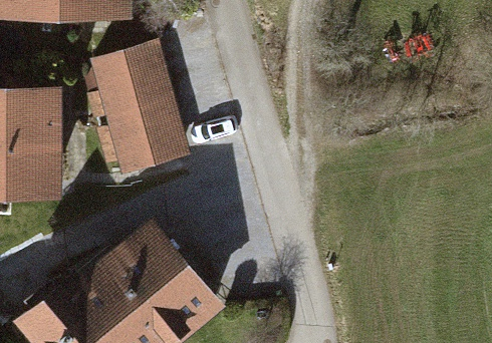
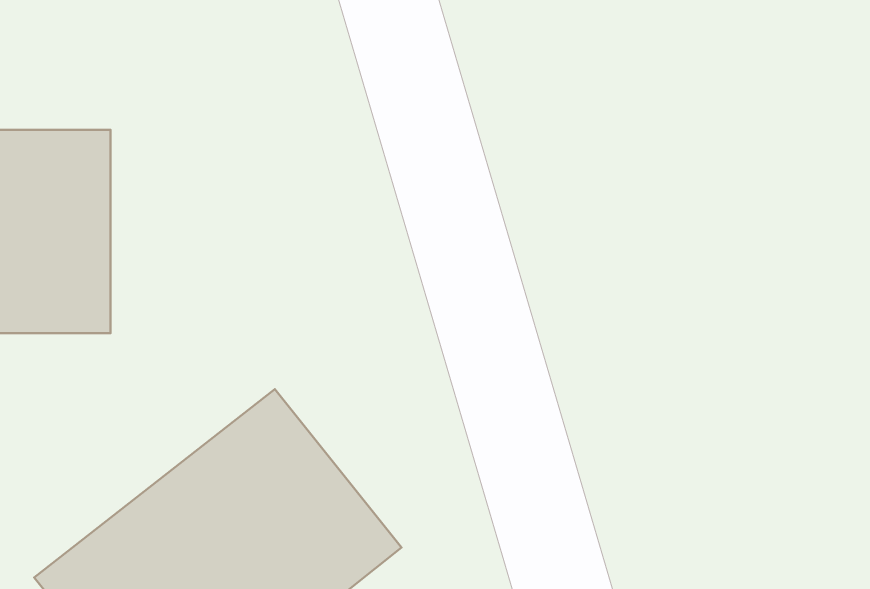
building: [84,45,188,178] -> none

